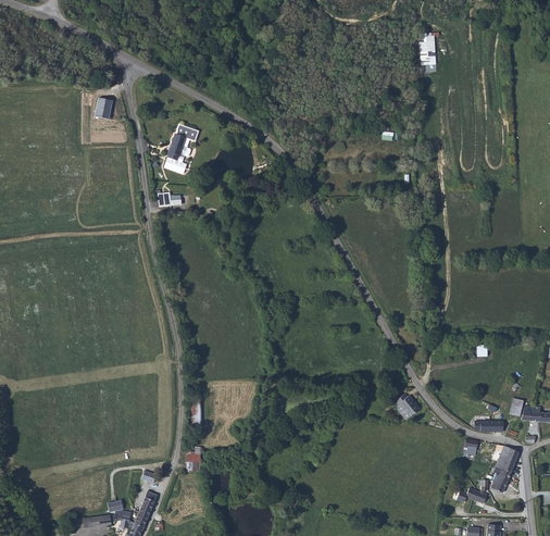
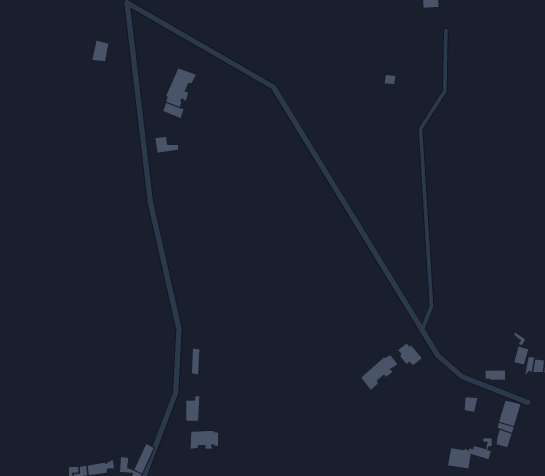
building: none -> [361,354,398,391]
building: none -> [190,430,218,449]

